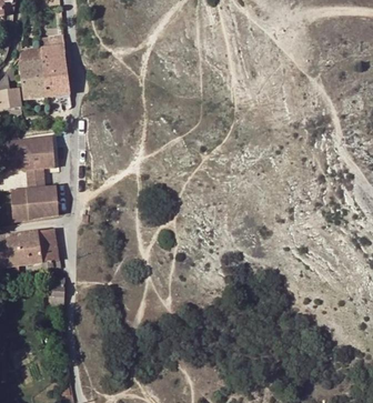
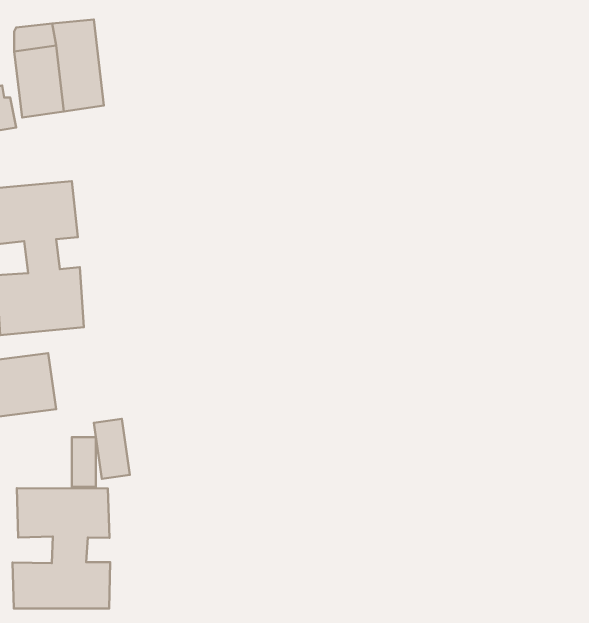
building: [38,228,58,261] -> [94,419,130,479]
building: none -> [13,488,110,608]

